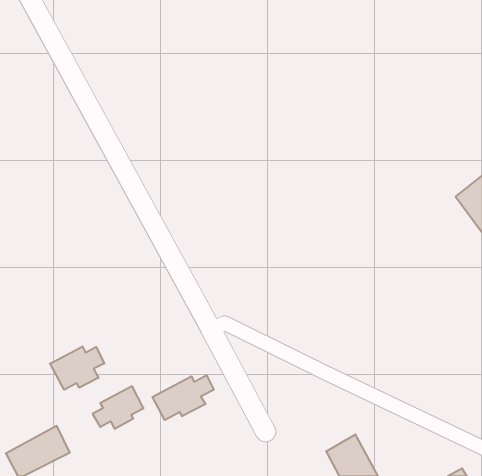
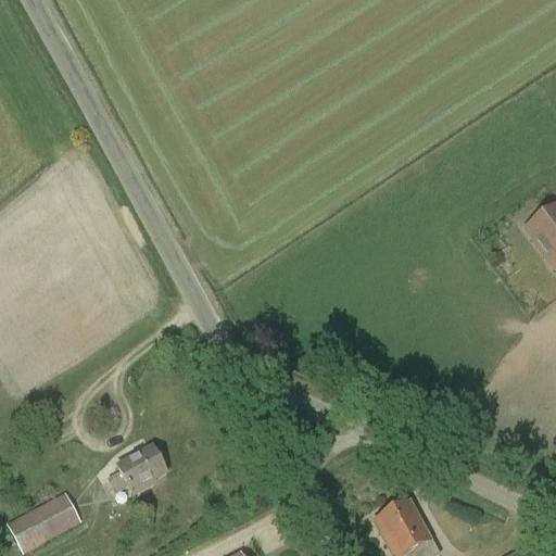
building: [50,346,104,390] -> none
building: [152,375,214,420] -> none

